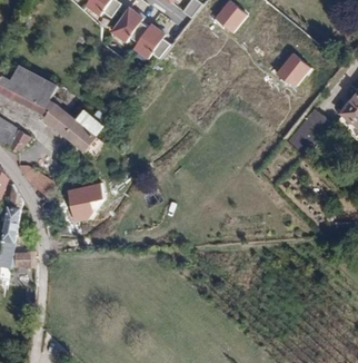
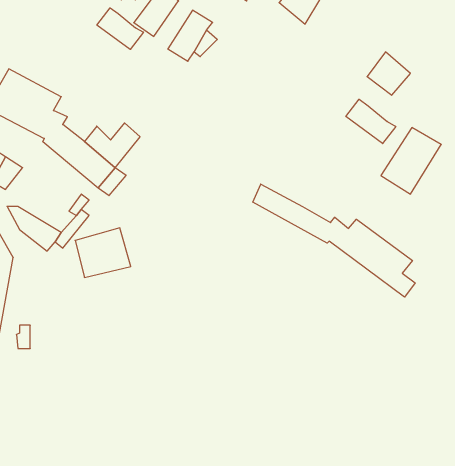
building: none -> [97,8,143,49]
building: none -> [346,99,396,144]
building: none -> [253,184,415,297]

